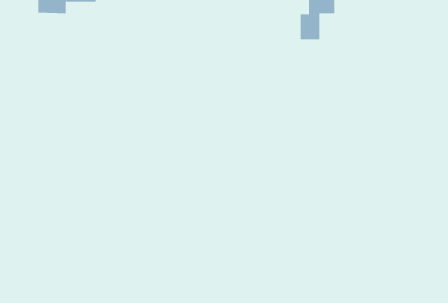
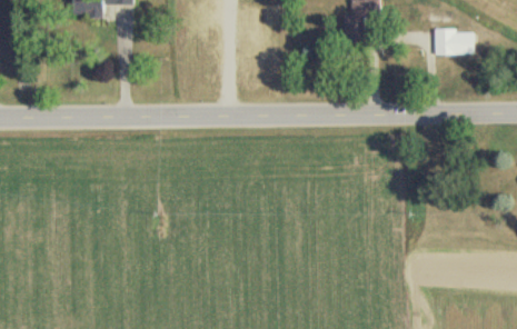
building: none -> [435,33,474,56]

